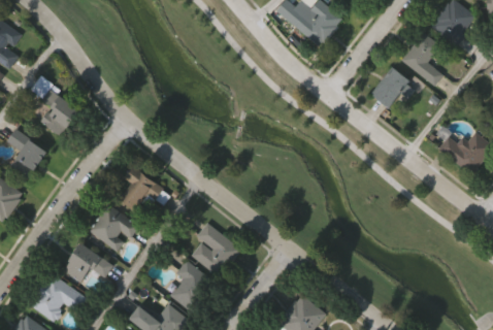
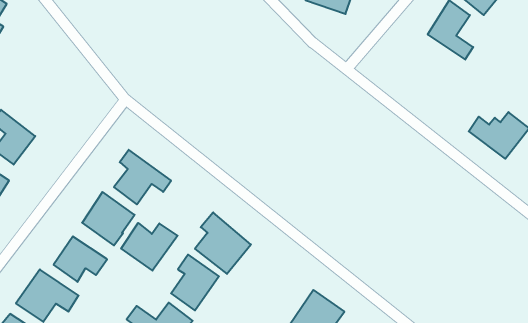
building: [372,68,409,107] -> none
building: [30,76,80,136] -> none
building: none -> [121,223,178,271]

